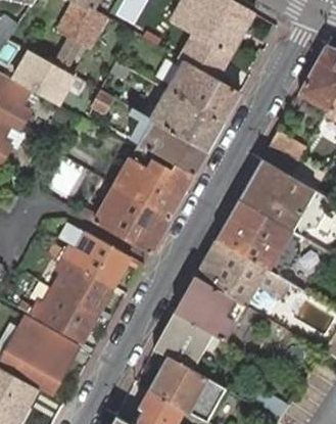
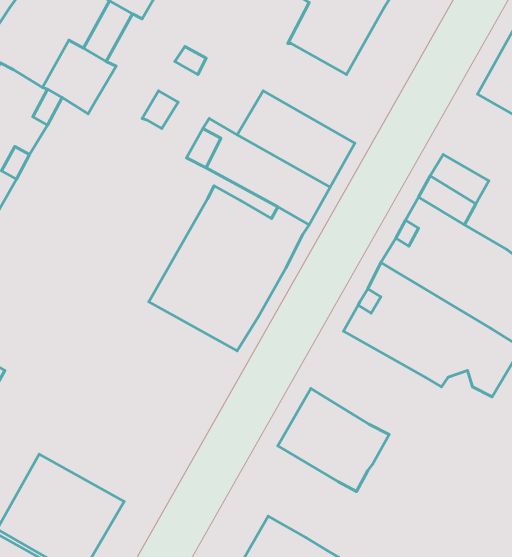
building: [165,61,240,124] -> none
building: [19,231,130,343] -> none
building: [195,241,289,307] -> none
building: [154,313,212,370] -> none

